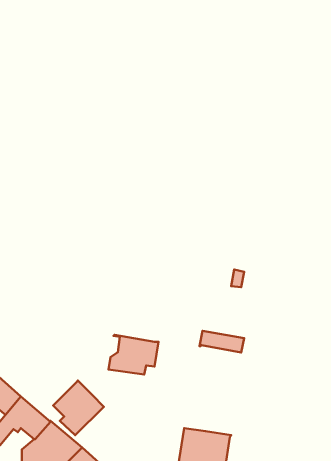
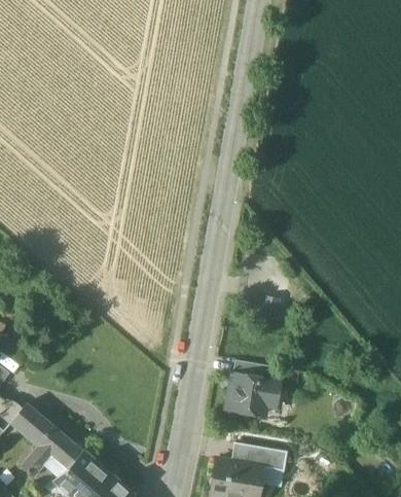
building: [109,335,159,375] -> [228,376,279,416]
building: [53,380,104,435] -> none
building: none -> [239,445,287,472]

